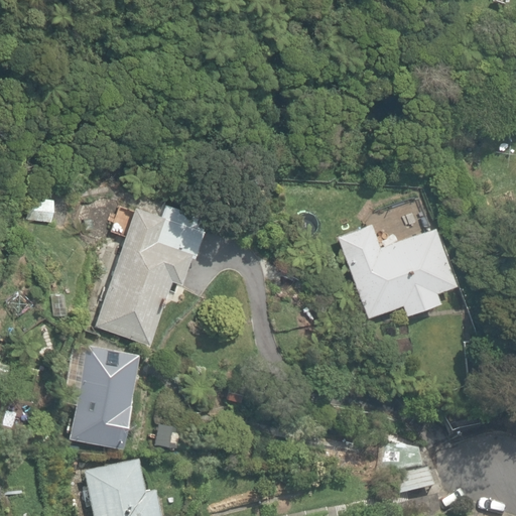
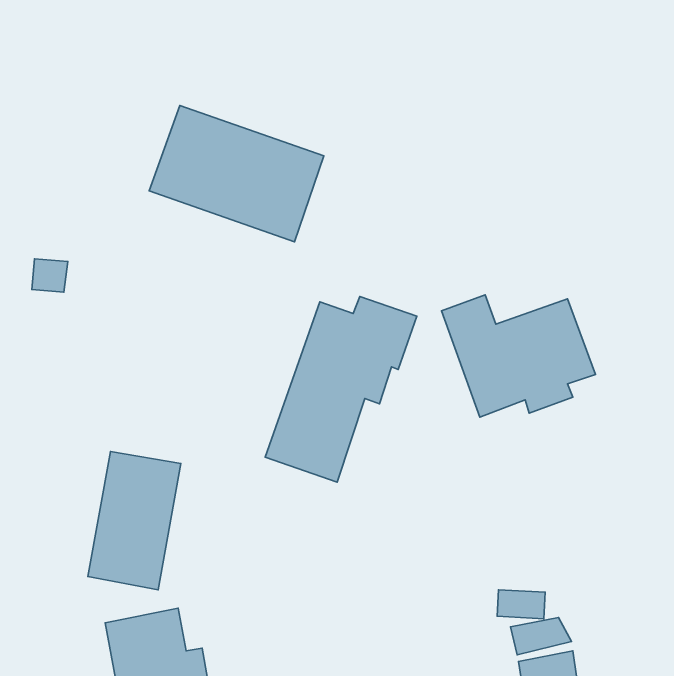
building: none -> [149,106,324,242]
building: [95,205,210,346] -> [265,296,417,482]

